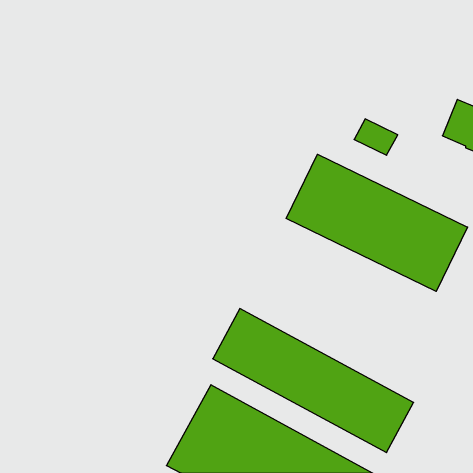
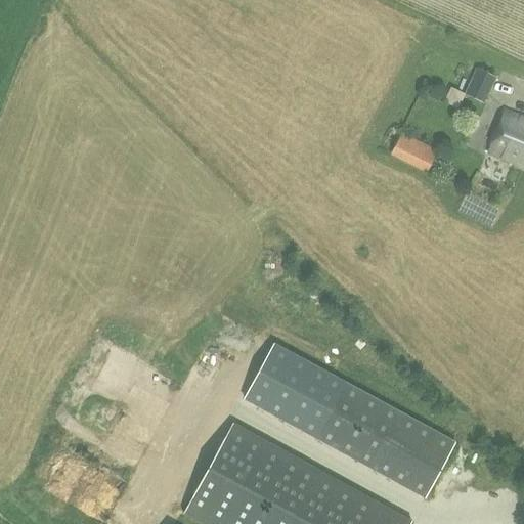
building: none -> [466,66,498,101]
building: [286,154,468,291] -> none

